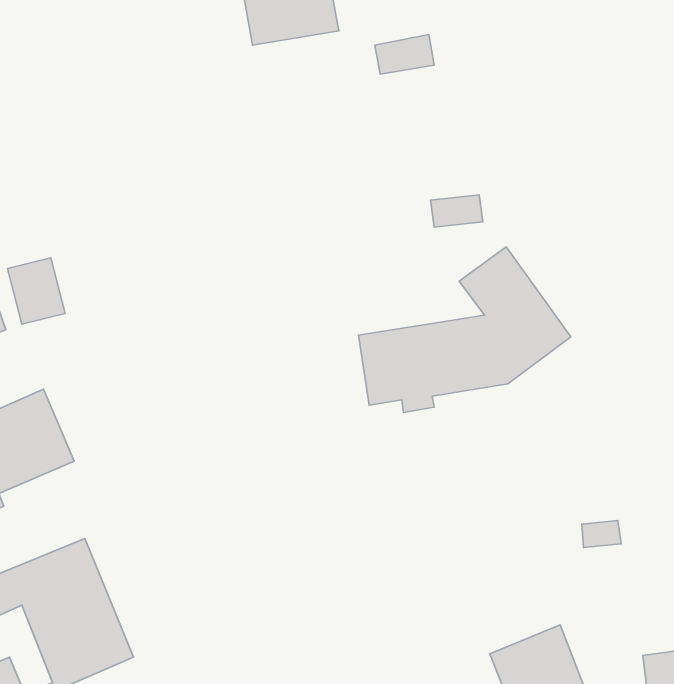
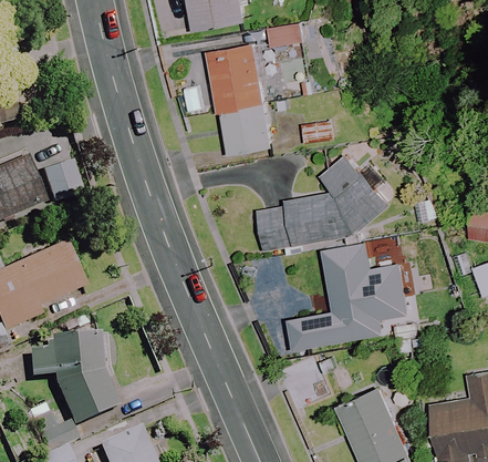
building: none -> [205,42,271,154]
building: none -> [290,242,401,348]

